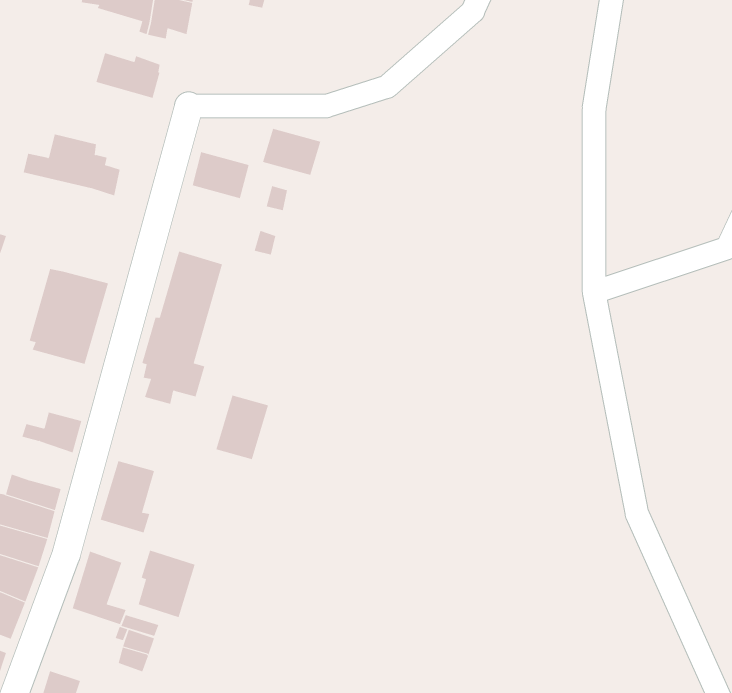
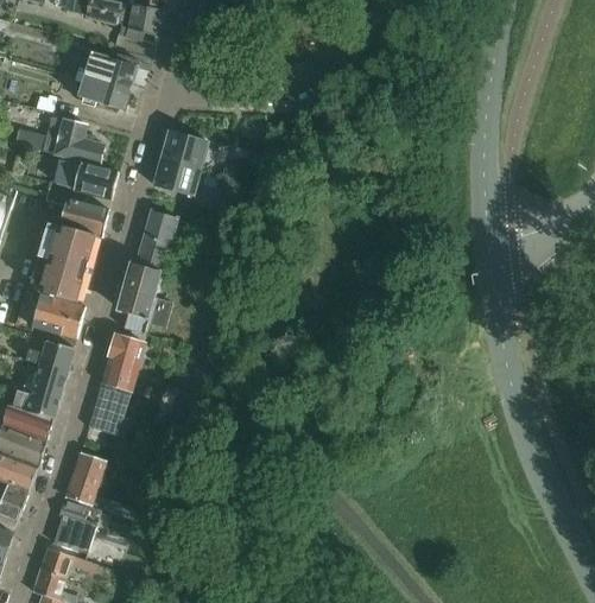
building: none -> [76,74,129,109]
building: [262,128,321,176] -> [152,157,200,195]
building: none -> [72,159,116,198]
building: none -> [44,186,107,236]
building: none -> [31,293,83,337]
building: [215,395,269,460] -> [101,334,144,386]
building: none -> [30,362,65,400]
building: [138,550,195,618] -> [52,497,99,552]

